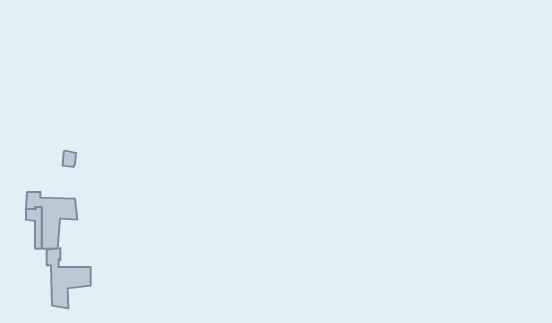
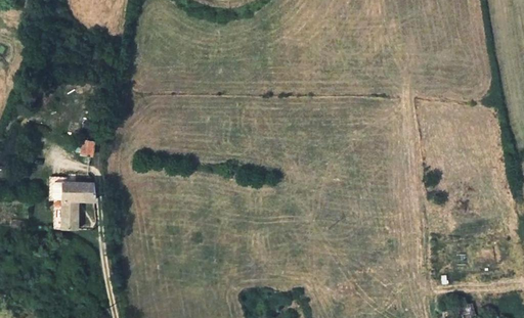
building: [47,248,91,309] -> none

